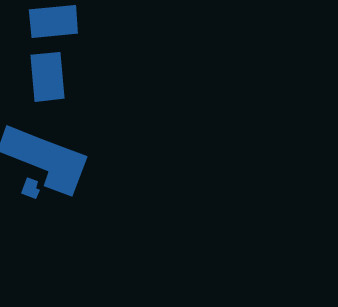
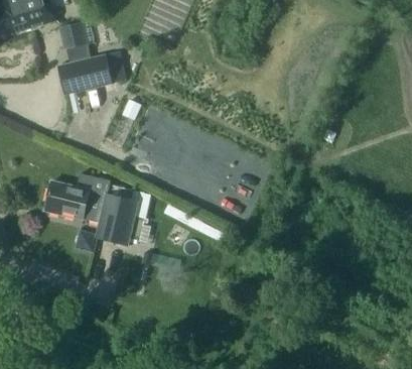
building: [29,51,65,103] -> none

